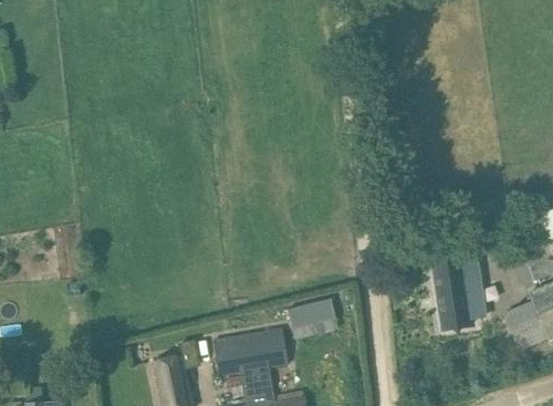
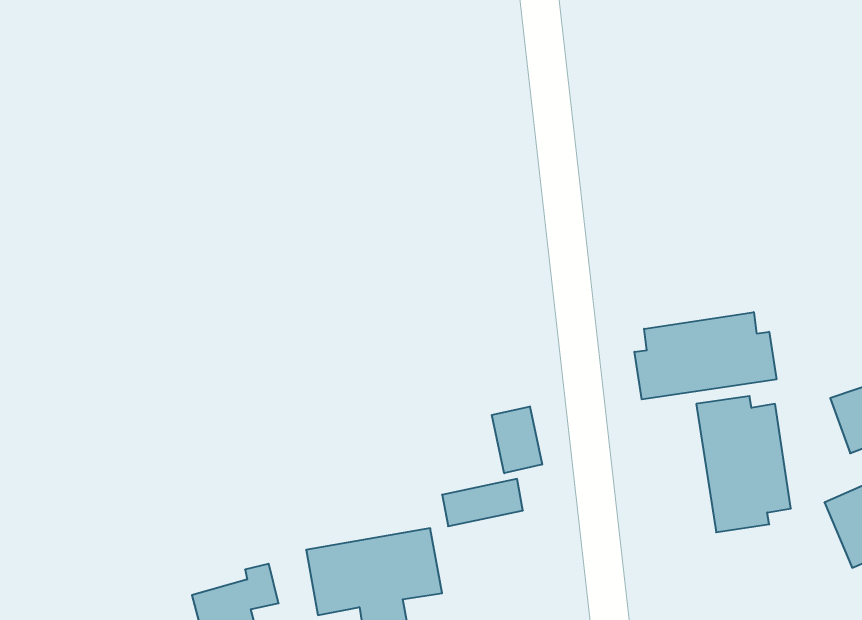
building: none -> [634,312,776,399]
building: none -> [492,406,542,473]

